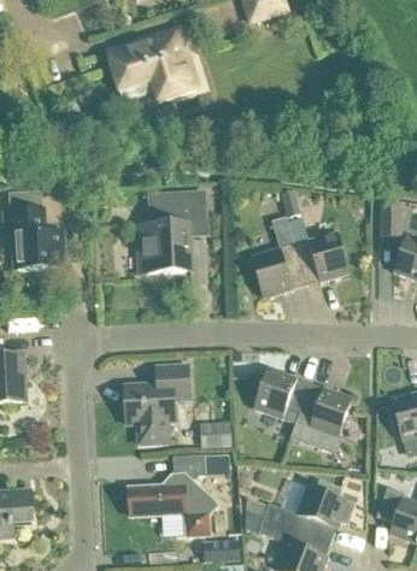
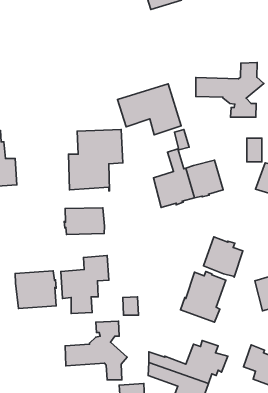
building: [107,31,195,101] -> [117,84,181,135]
building: none -> [196,63,264,117]
building: none -> [64,208,104,234]
building: [254,367,309,423] -> [203,237,243,277]
building: none -> [15,271,56,308]

